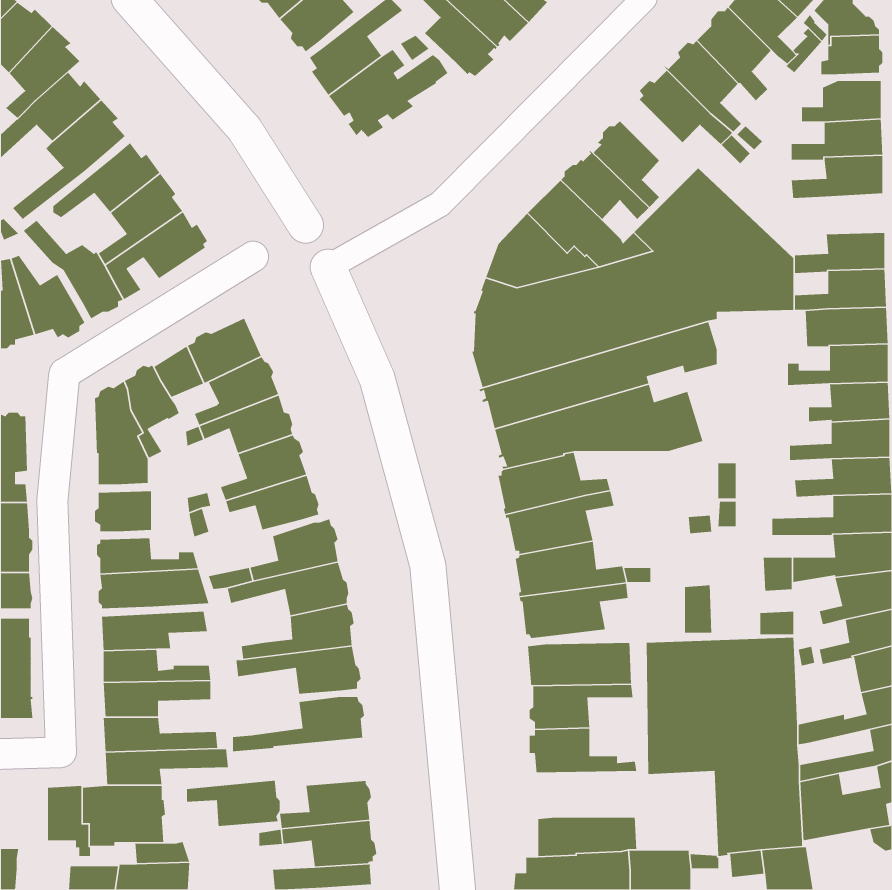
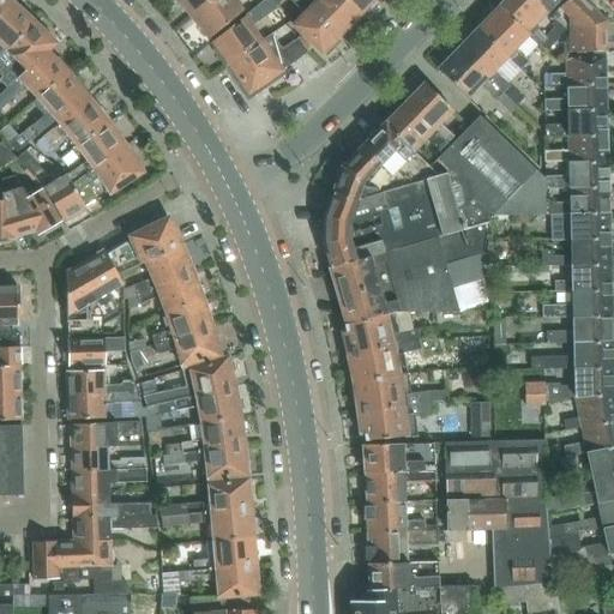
building: none -> [543,133,608,161]
building: none -> [365,530,438,562]
building: [186,780,281,827] -> [188,507,253,540]

